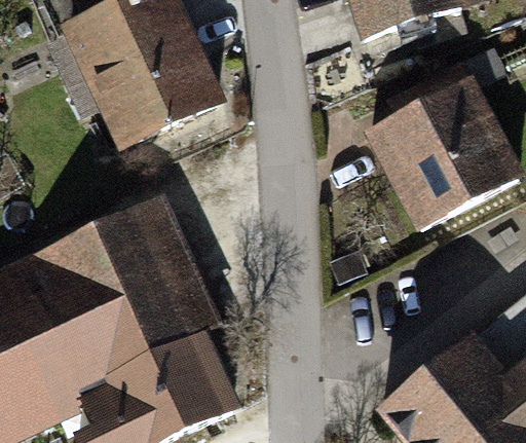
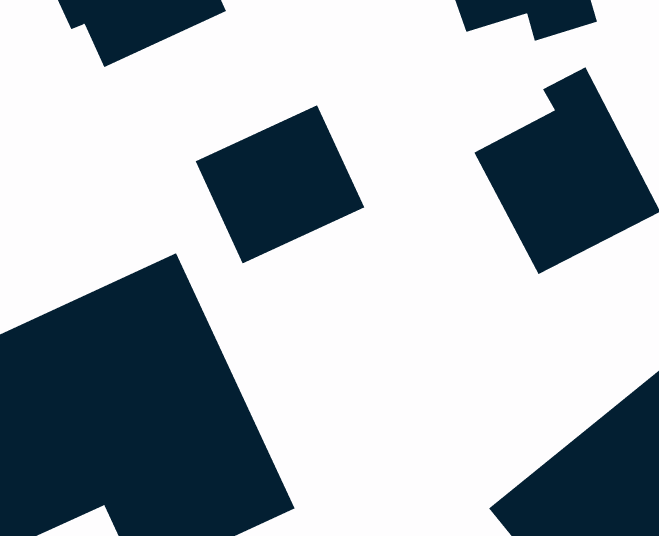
building: [87,19,220,143] -> [195,105,365,264]

